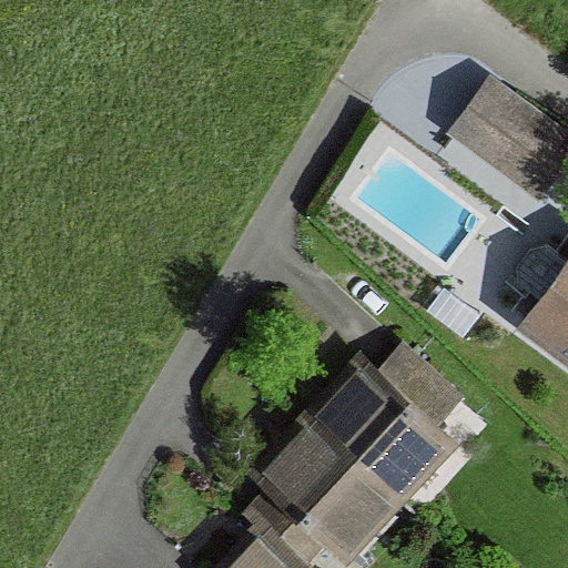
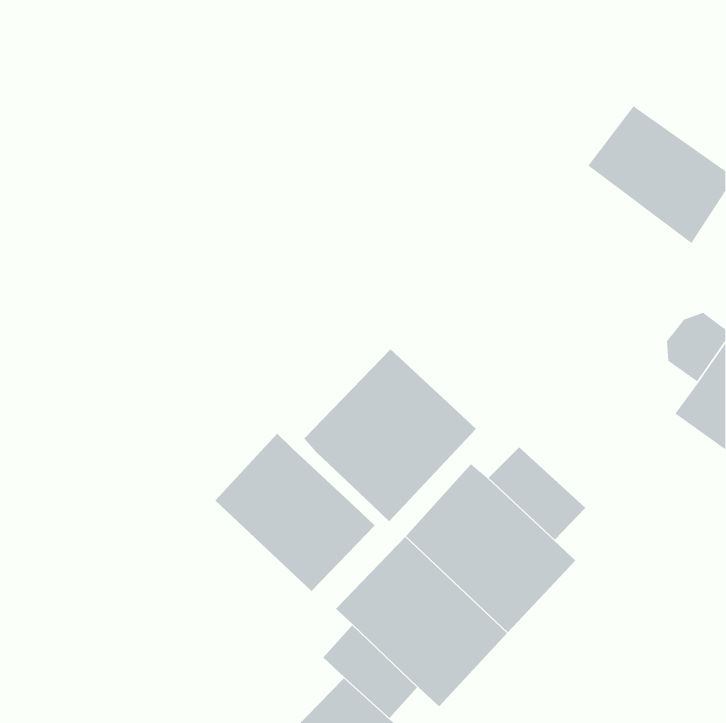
building: none -> [303,348,477,522]
building: none -> [214,433,375,592]

